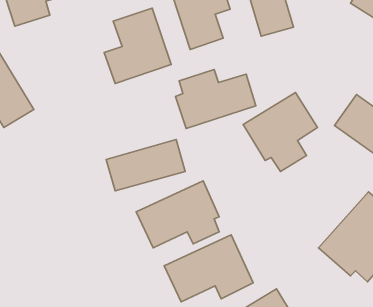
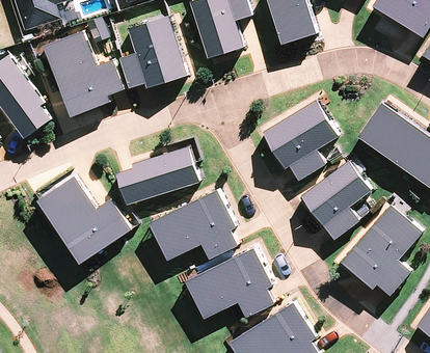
building: none -> [38,27,125,115]
building: [175,69,256,129] -> none
building: none -> [303,162,372,240]
building: none -> [38,175,128,260]

